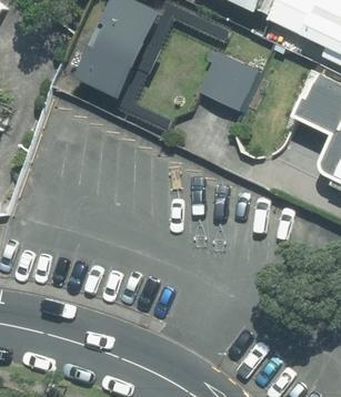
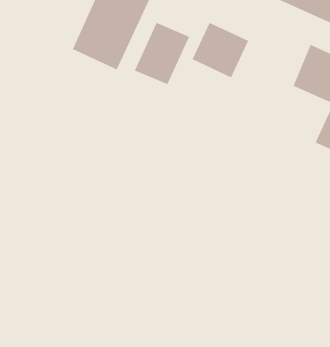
building: none -> [134,22,190,85]

